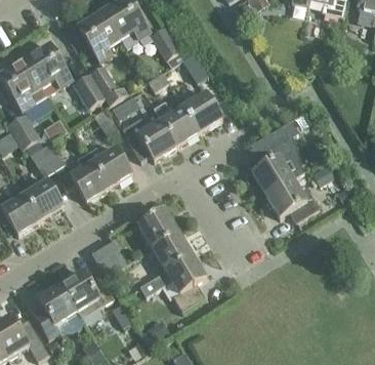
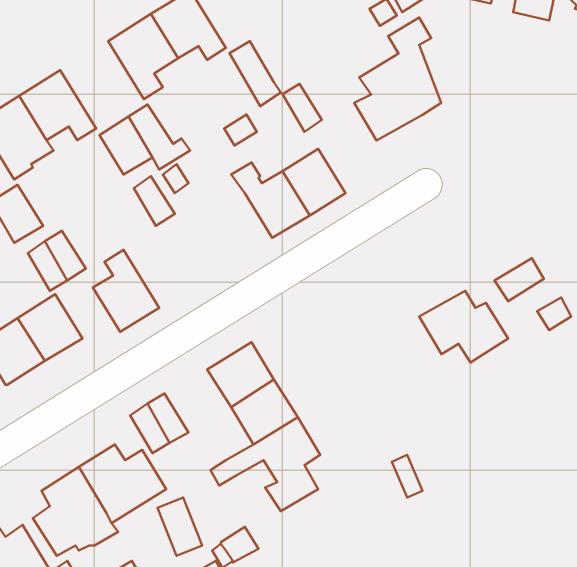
building: [121,117,176,161] -> none
building: [251,119,303,193] -> [354,17,441,141]
building: [87,148,131,188] -> none

